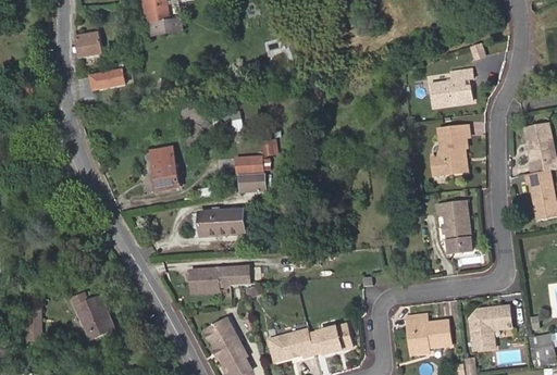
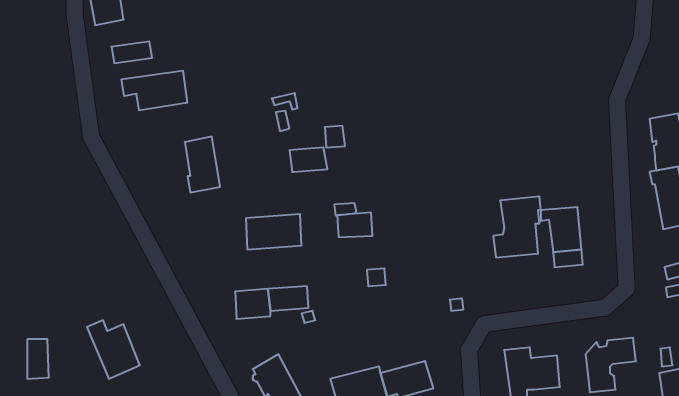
building: [430,71,473,107] -> none
building: none -> [122,71,187,110]
building: [431,126,469,175] -> [493,196,541,258]
building: [238,173,267,192] -> [337,213,373,237]

